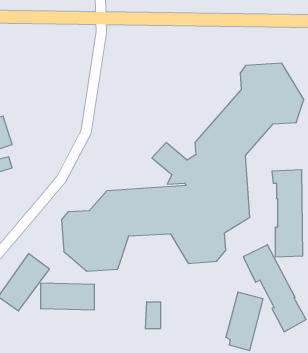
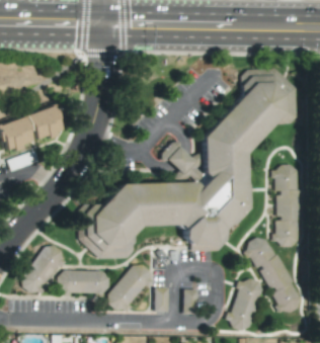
building: none -> [27,104,64,141]
building: none -> [106,262,155,313]

